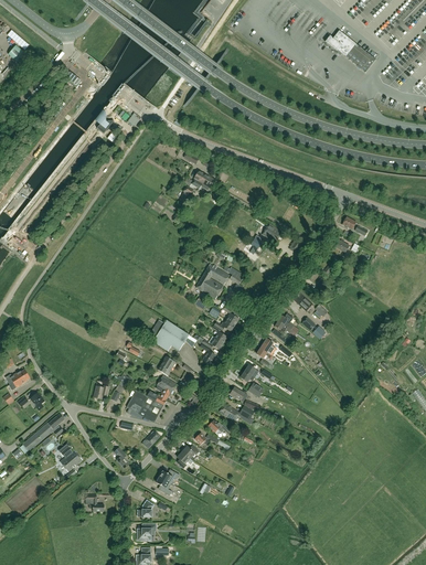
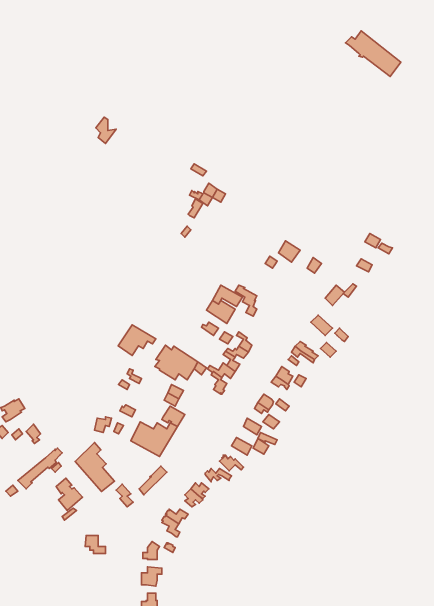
building: none -> [118,325,156,356]
building: none -> [75,442,115,492]

